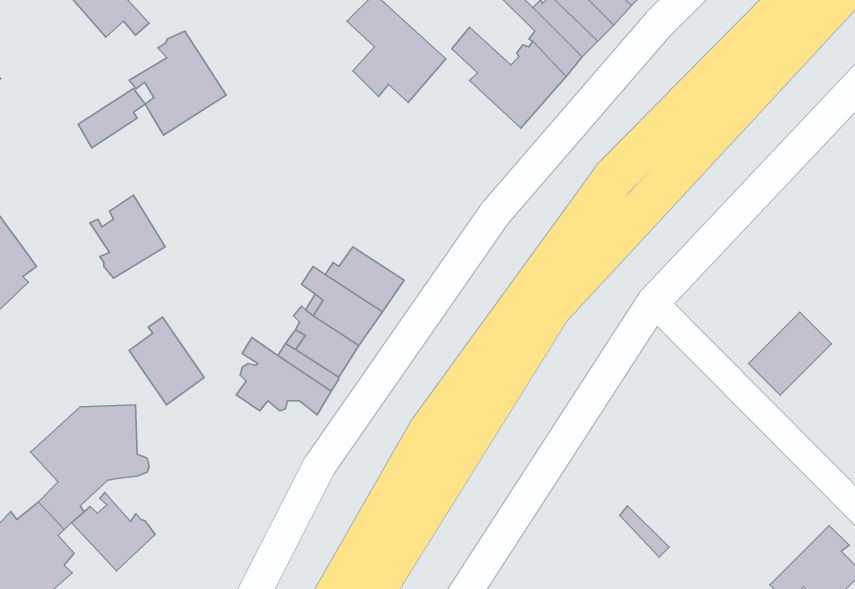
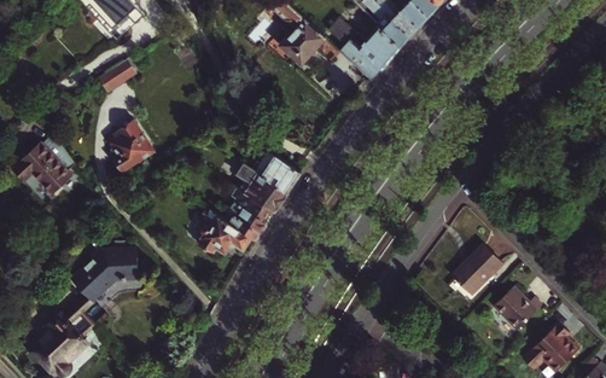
building: [129,31,226,135] -> none
building: [748,312,831,395] -> [451,244,502,295]
building: [129,317,204,405] -> none
building: none -> [493,287,542,331]
building: [71,493,155,571] -> none

